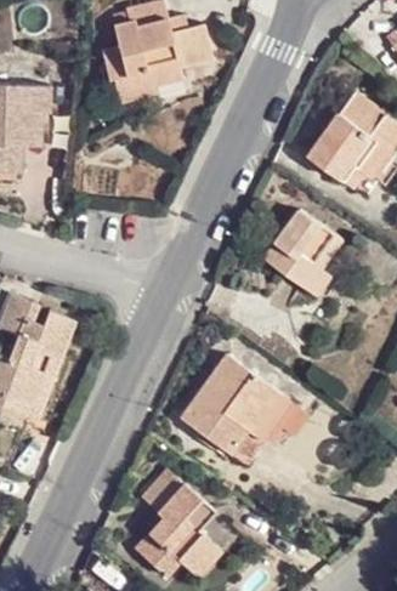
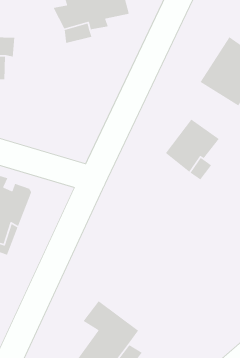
building: [185,354,299,456] -> none

